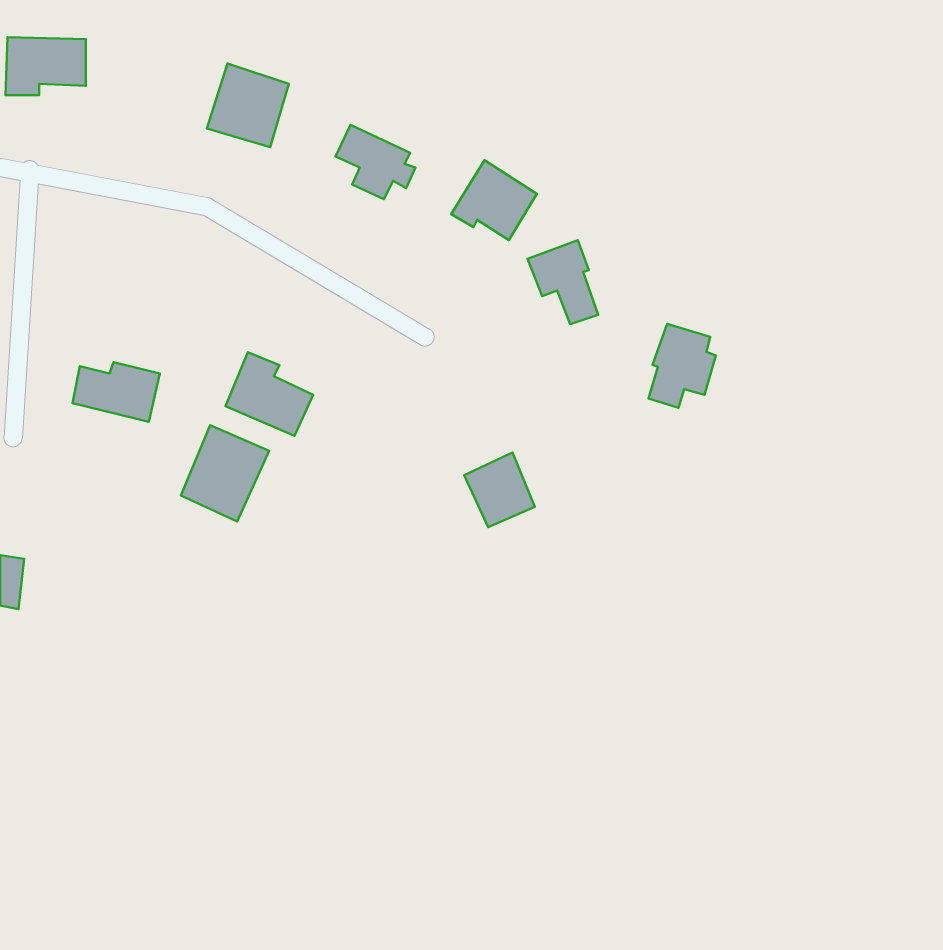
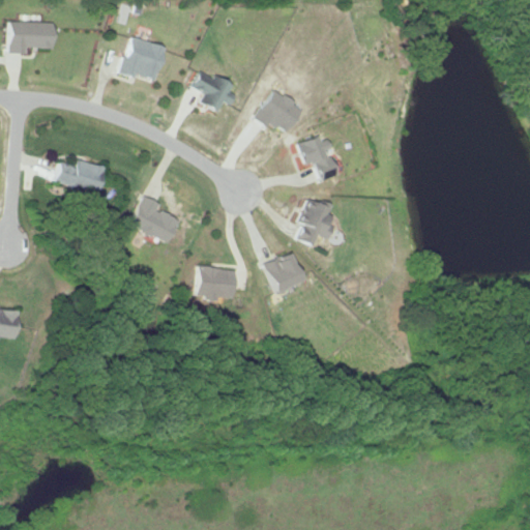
building: [649,324,716,408] -> [298,199,335,245]
building: [72,362,160,422] -> [56,159,105,193]
building: [181,425,269,522] -> none
building: none -> [196,266,235,302]

